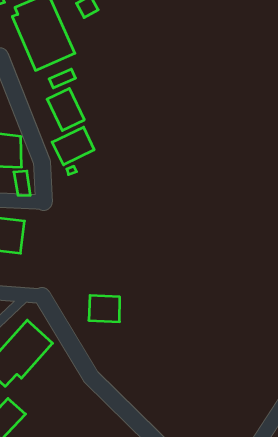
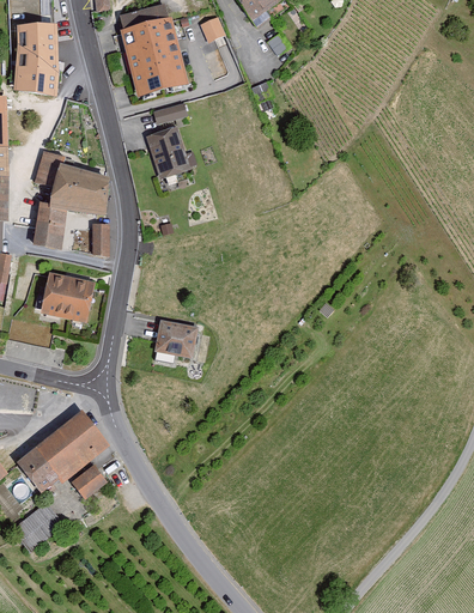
building: [52,127,94,165] -> none
building: [89,295,120,322] -> [154,320,198,358]
building: none -> [67,468,102,502]

